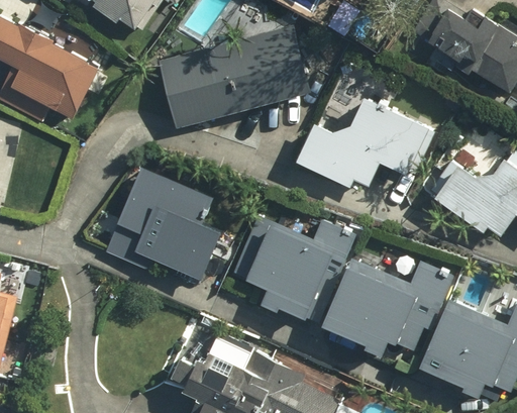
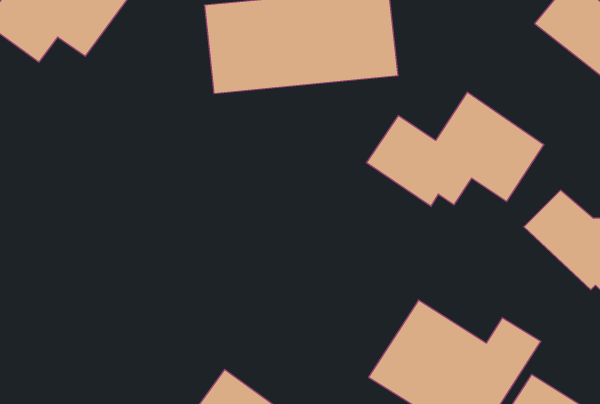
building: [103,165,221,279] -> none
building: [230,218,352,321] -> none

